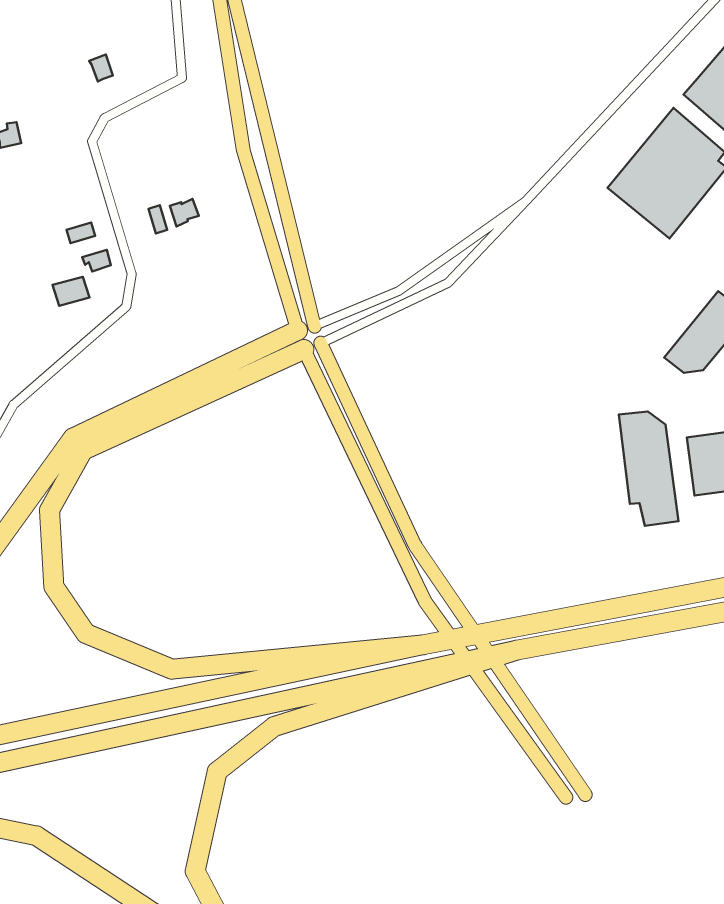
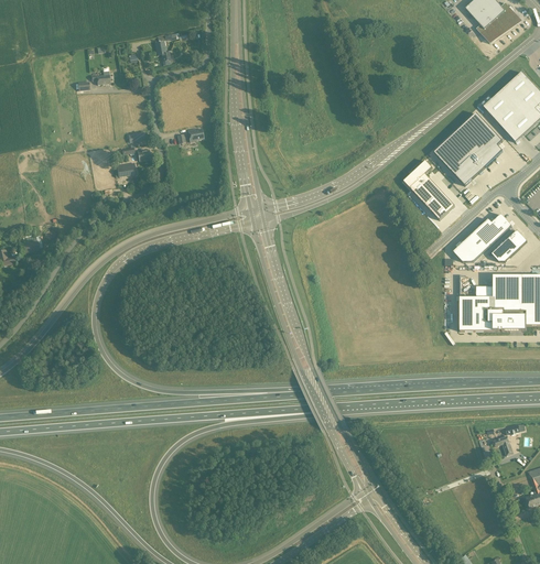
building: none -> [402,159,454,218]
building: [619,412,678,526] -> none

